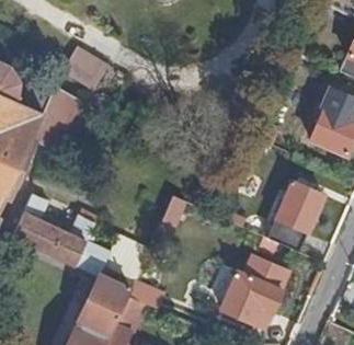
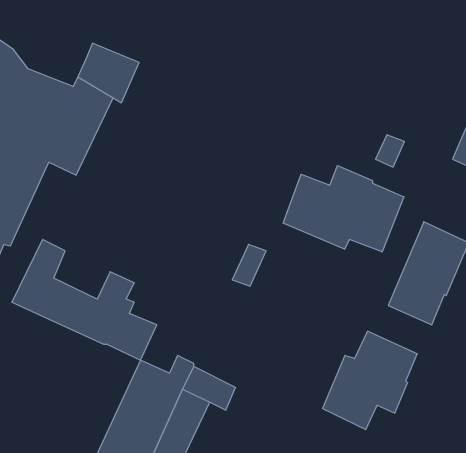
building: none -> [283,166,404,252]

